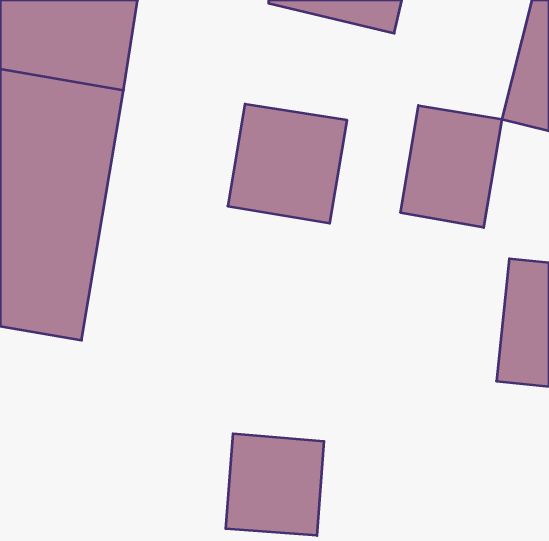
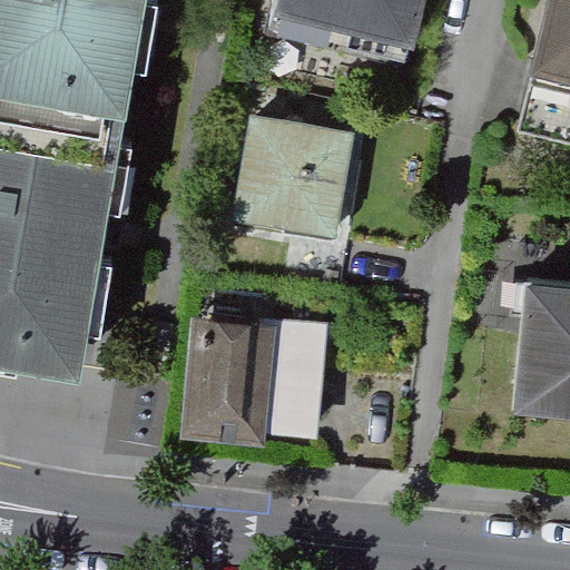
building: [401,105,502,228] -> none
building: none -> [181,316,328,444]
building: [226,434,324,536] -> none

